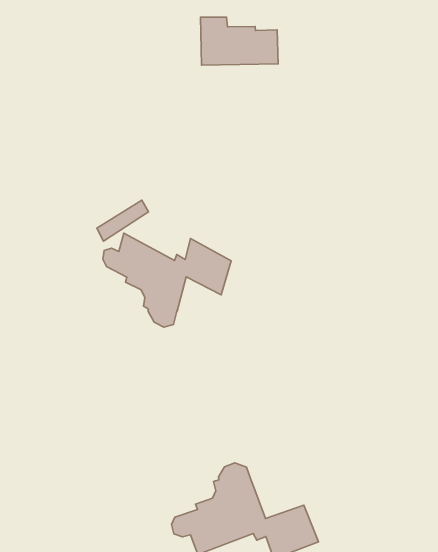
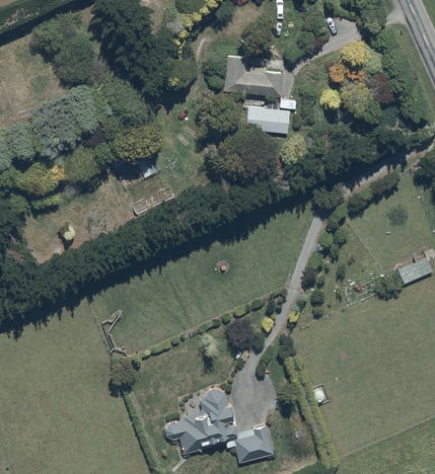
building: none -> [246,104,290,133]
building: [103,233,231,327] -> none

